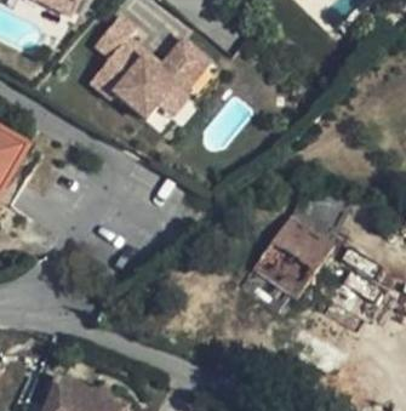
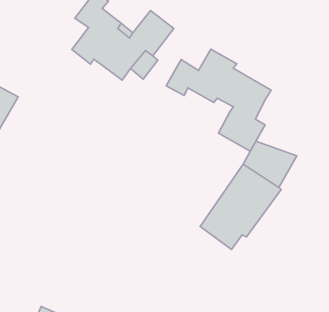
building: none -> [166,49,271,151]

